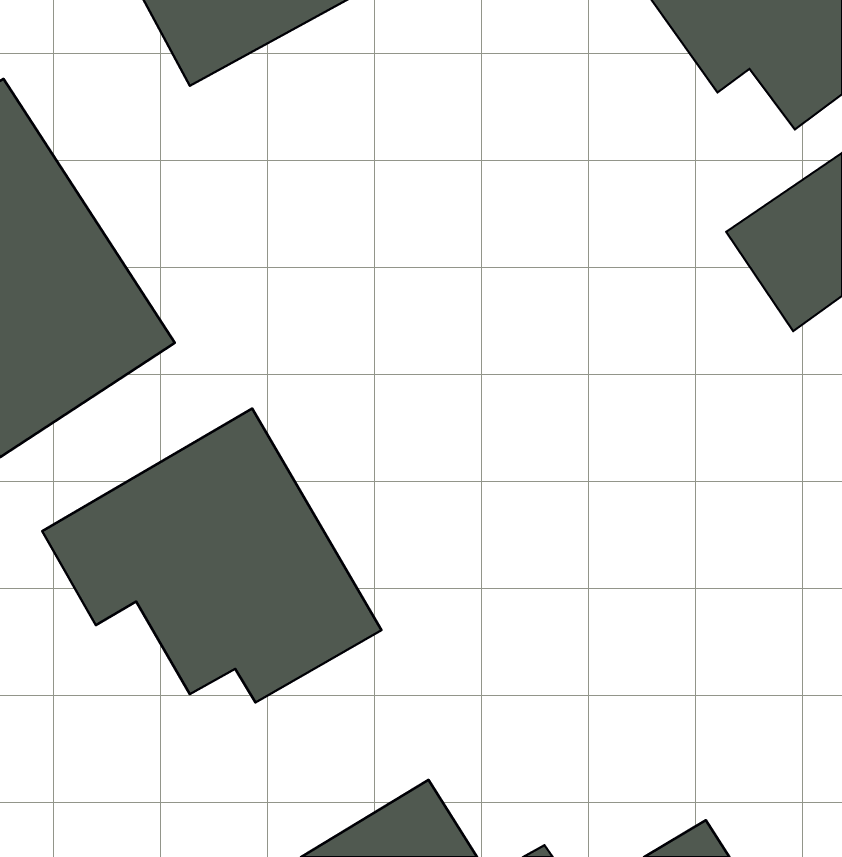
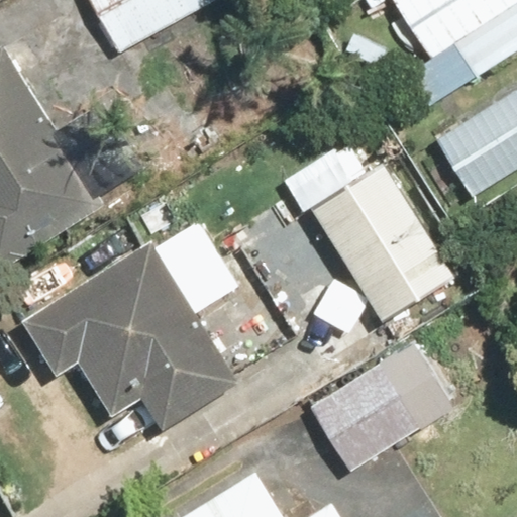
building: none -> [311,163,455,322]
building: none -> [311,344,451,471]

